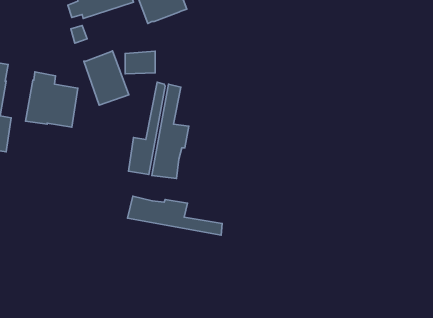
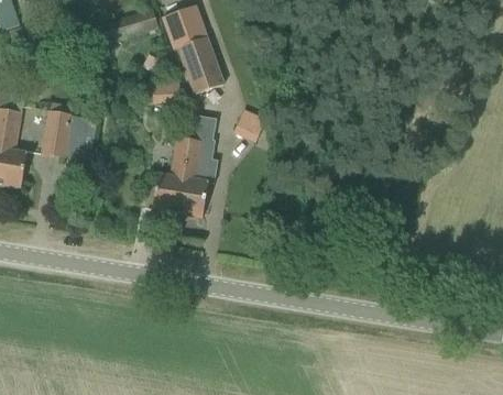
building: [84,51,129,105] -> [177,36,226,95]
building: none -> [232,108,264,140]
building: [127,196,222,235] -> none

